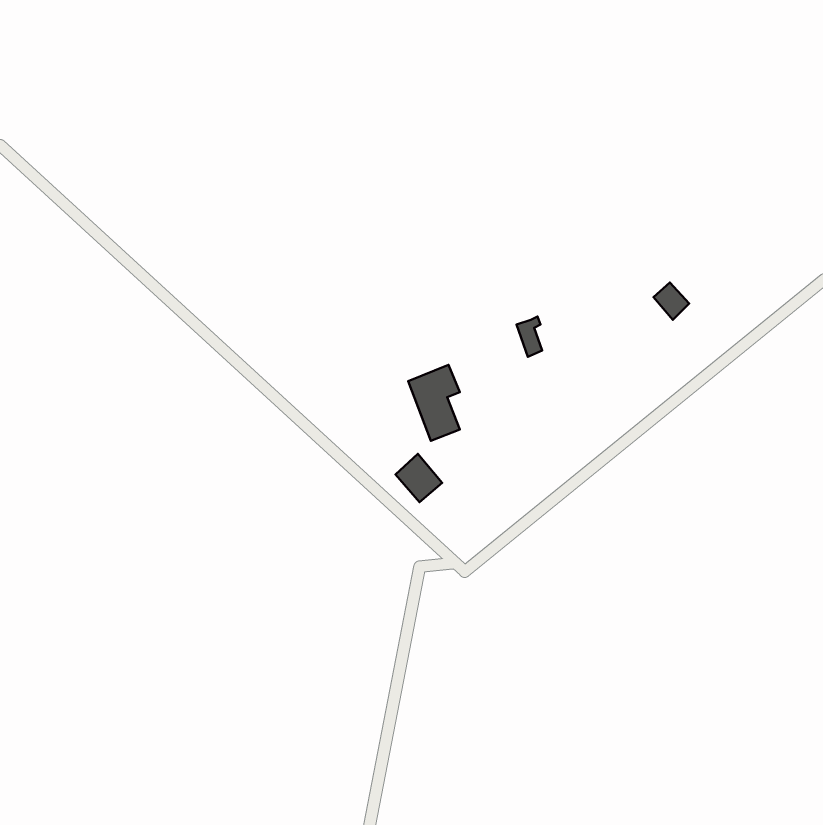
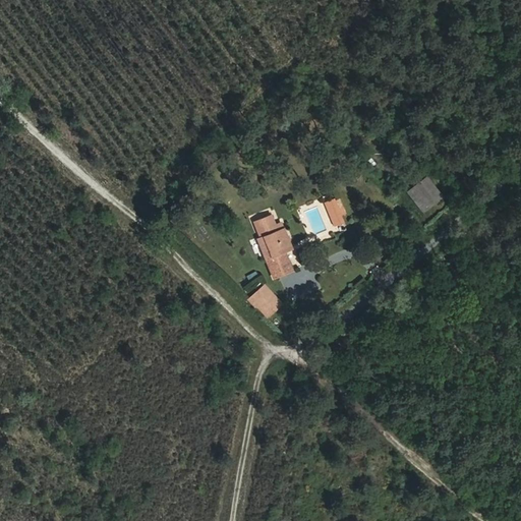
building: none -> [251,214,283,237]

